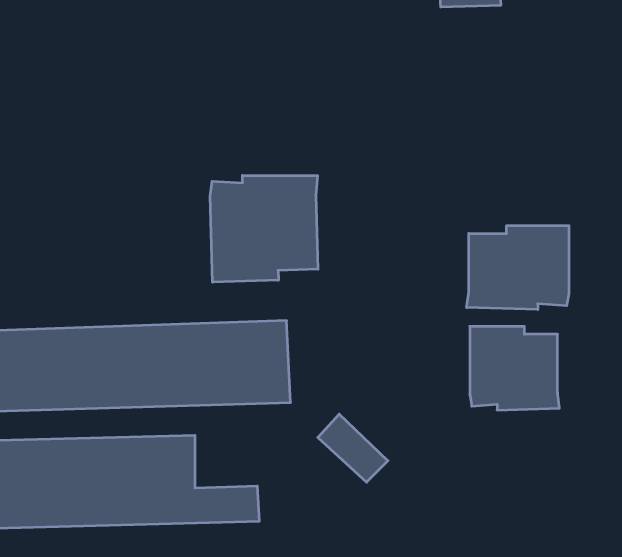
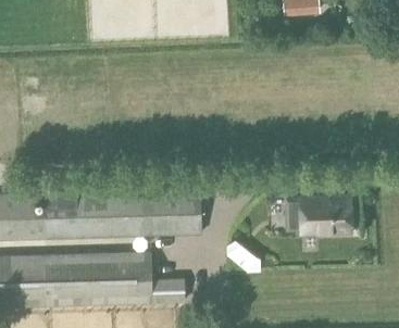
building: [210,175,318,282] -> none
building: [467,226,569,310] -> none

